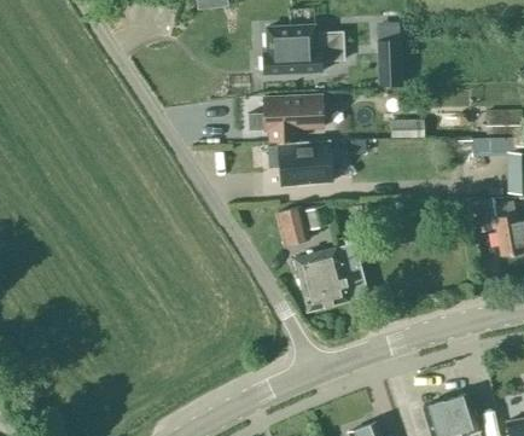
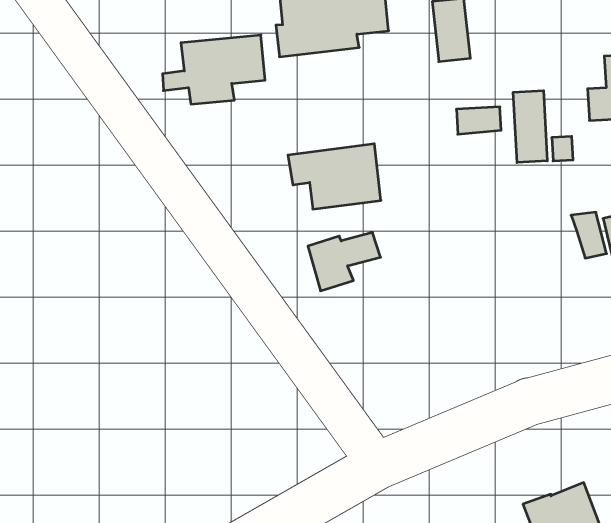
building: [249,93,322,140] -> [163,35,265,104]
building: none -> [513,91,547,163]
building: [293,240,367,309] -> none

